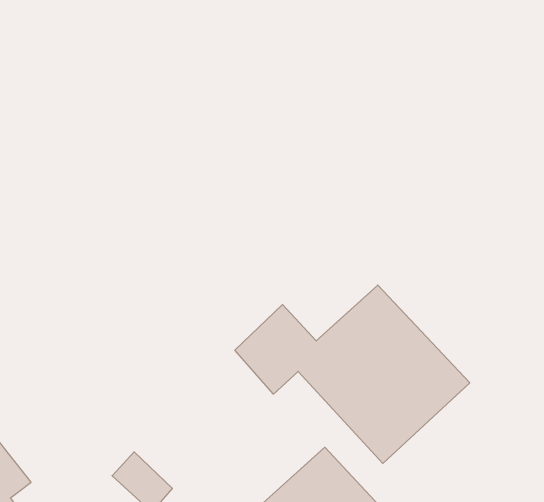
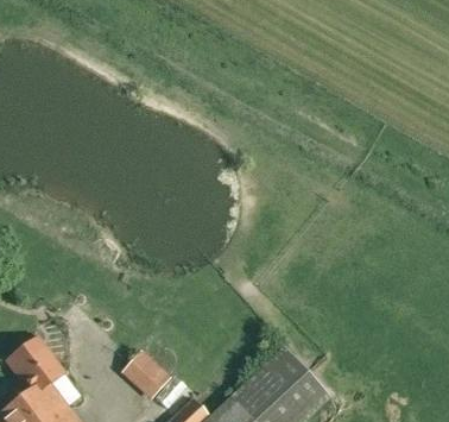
building: [235,285,470,463] -> none

